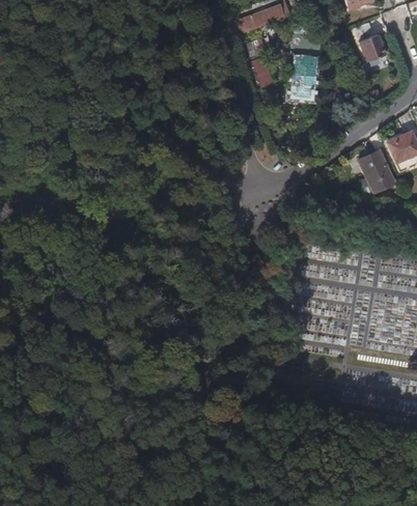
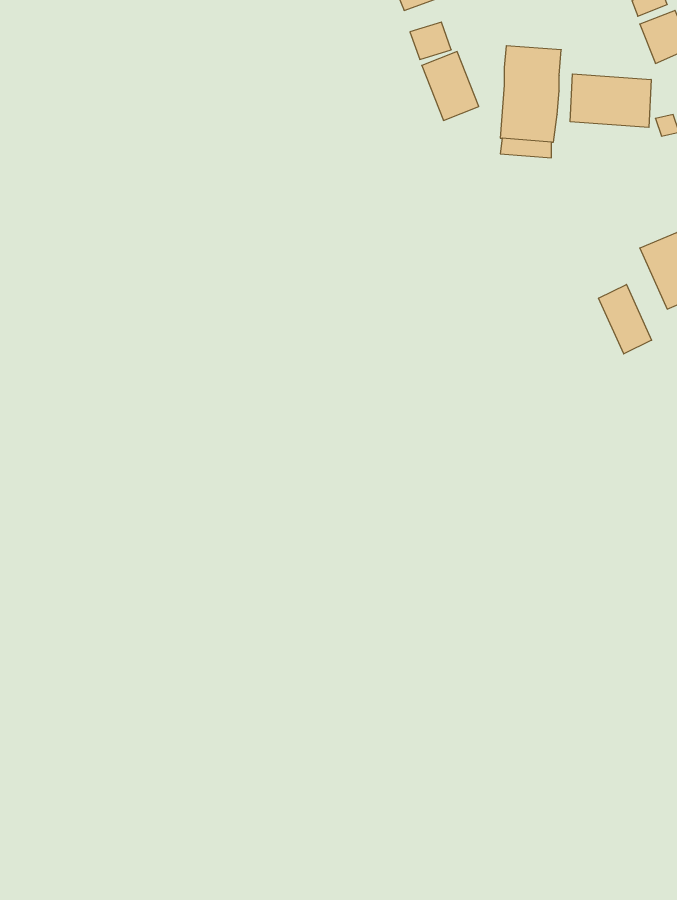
building: none -> [570,74,651,127]
building: none -> [599,284,652,354]

